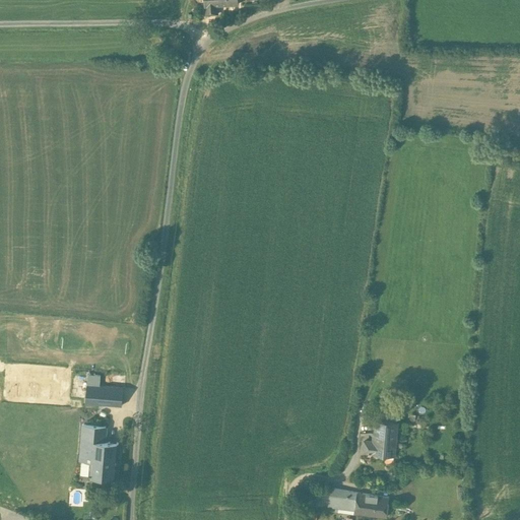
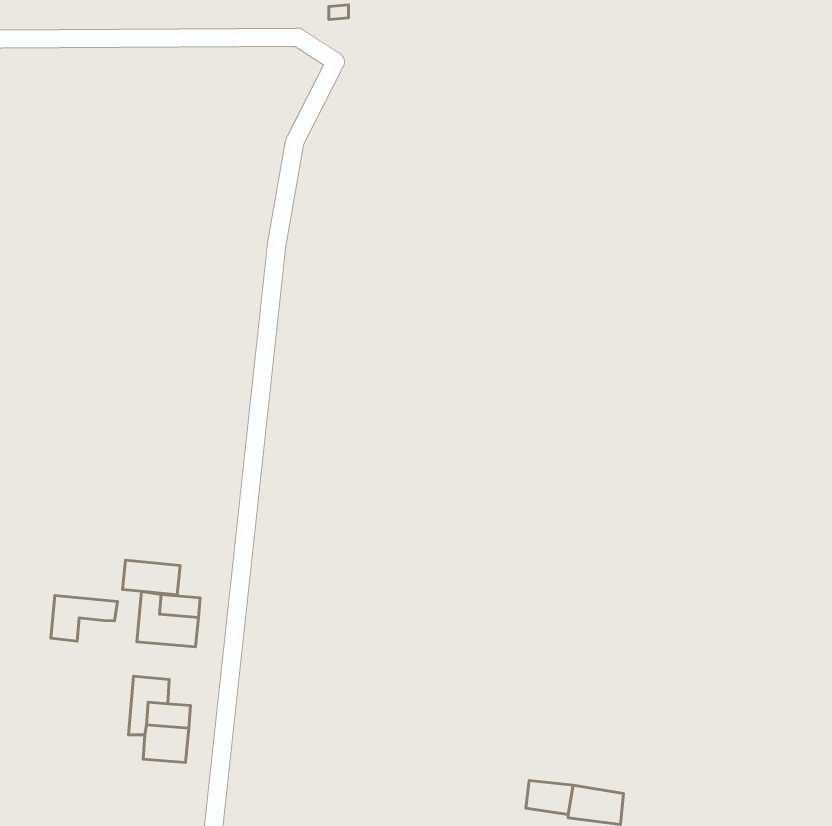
building: none -> [123,560,180,595]
building: none -> [51,596,118,641]
building: [364,424,397,457] -> none

